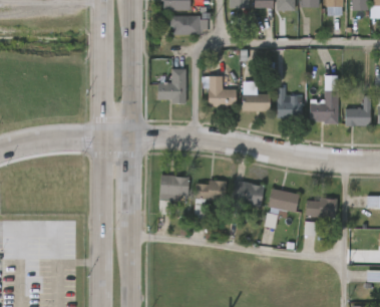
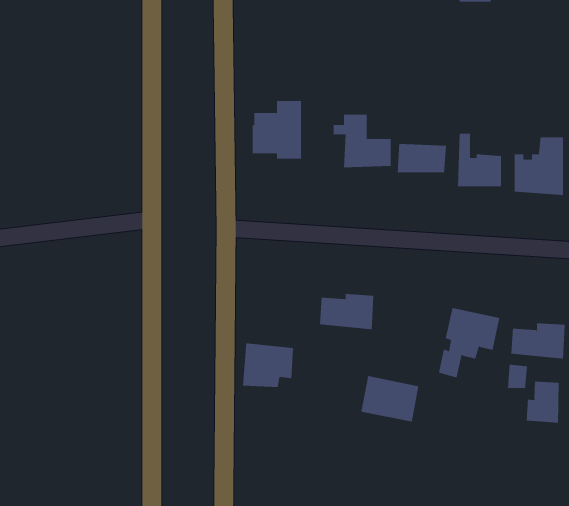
building: [169,15,199,34] -> none
building: [160,175,191,201] -> [242,343,294,388]
building: [232,181,266,208] -> [361,376,419,422]
building: none -> [526,381,559,423]

